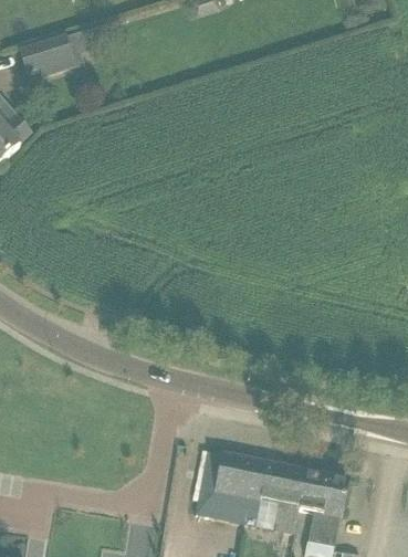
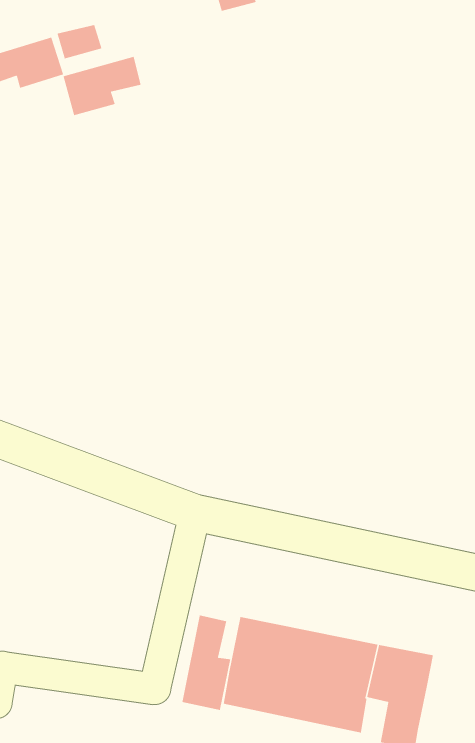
building: none -> [63,56,142,116]
building: none -> [182,614,231,711]

